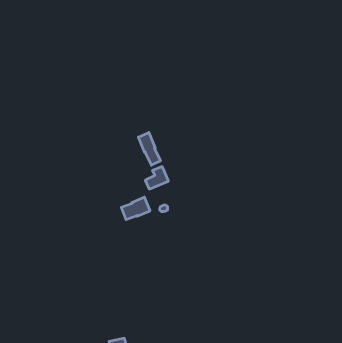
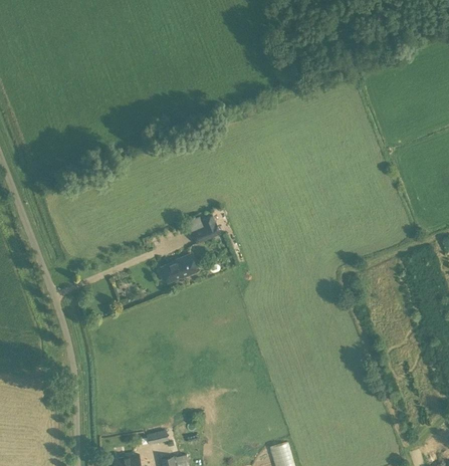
building: [138,132,160,165] -> none

